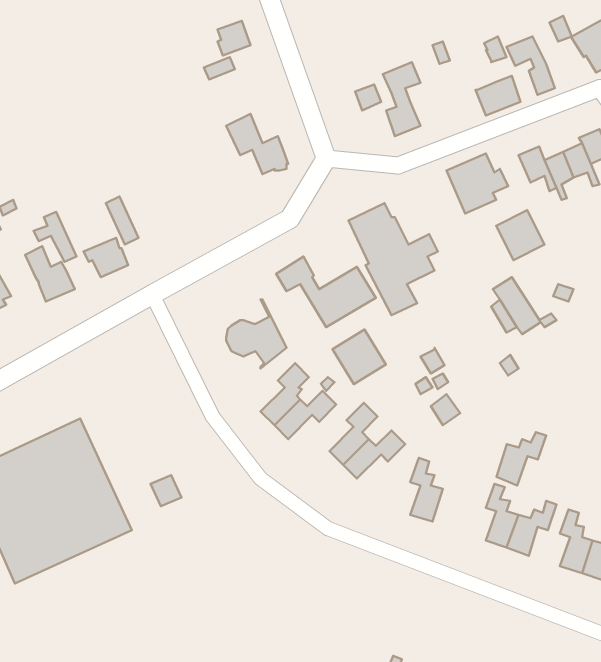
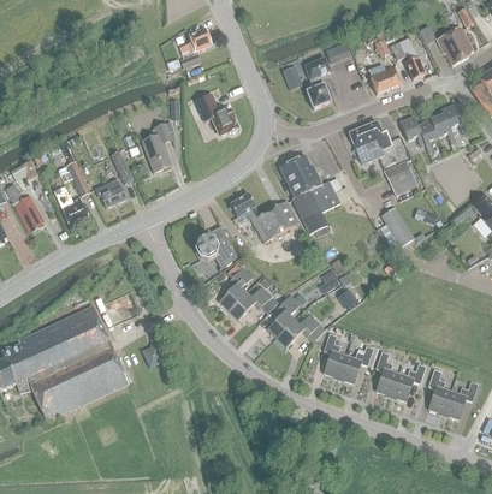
building: none -> [141,121,173,172]
building: [332,329,386,384] -> none
building: [496,432,546,485] -> [338,346,373,383]

